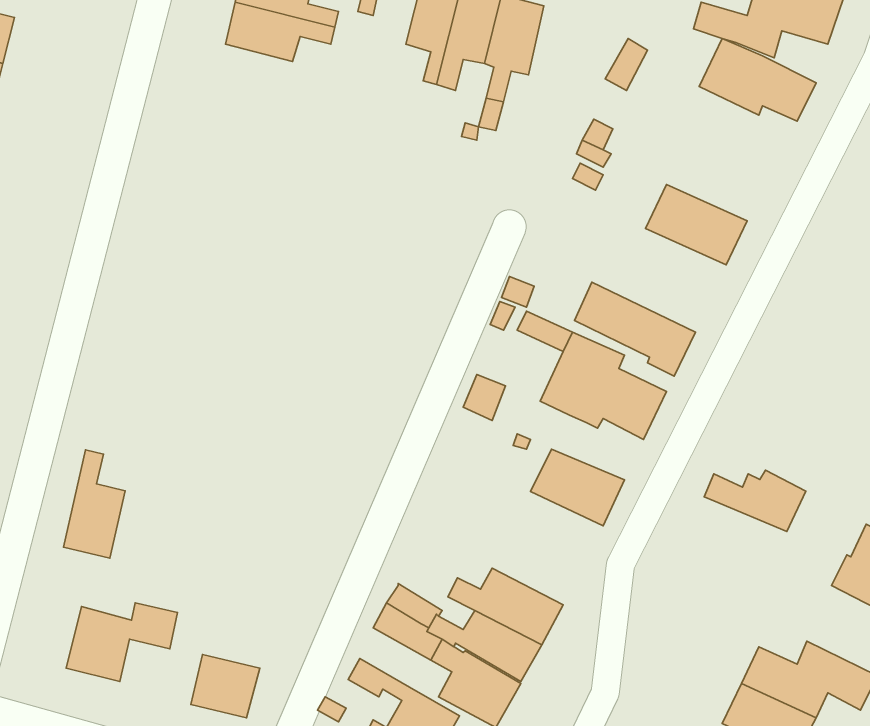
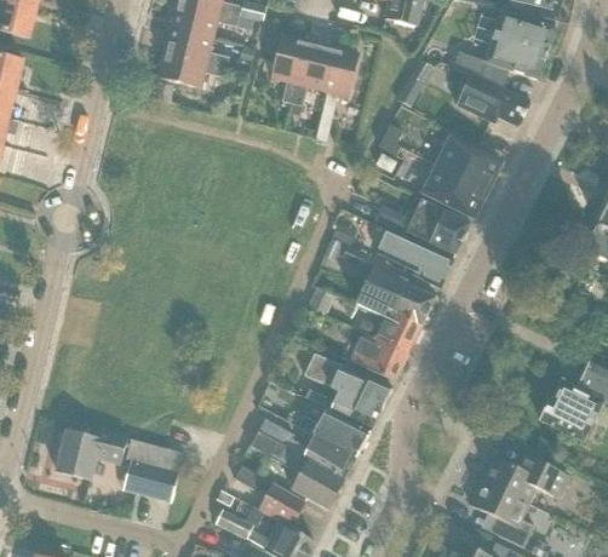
building: none -> [435,138,498,189]
building: none -> [373,199,470,254]
building: [63,450,125,558] -> none
building: [704,470,806,531] -> [356,314,420,352]
building: none -> [304,352,392,427]
building: none -> [125,438,183,471]

